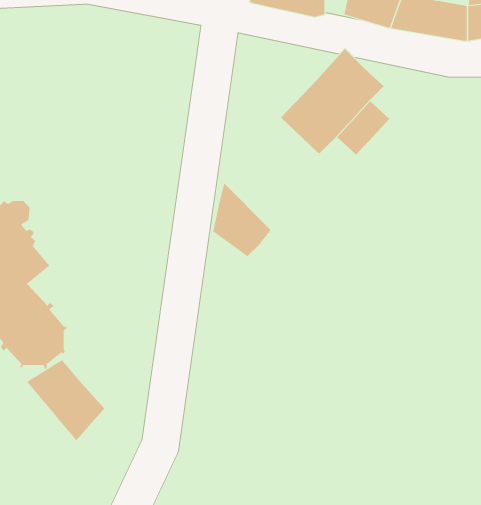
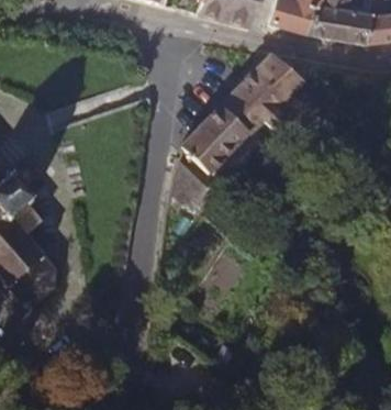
building: none -> [185,103,252,171]
building: [27,359,105,441] -> none

